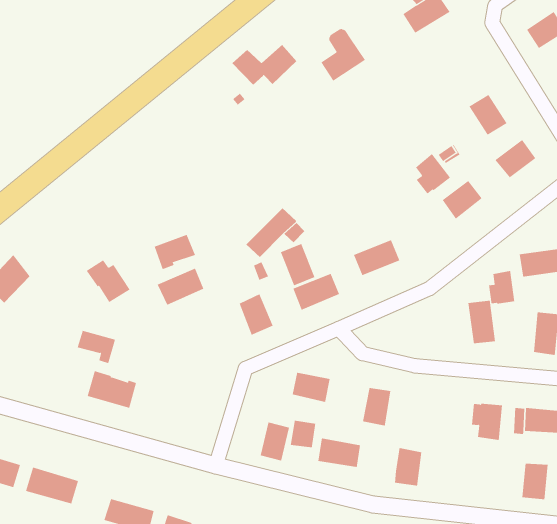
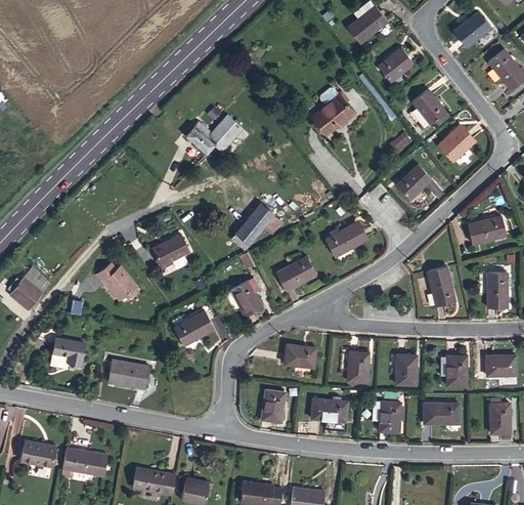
building: [320,29,366,82] -> [315,88,354,134]
building: none -> [379,48,414,82]
building: [232,44,297,85] -> [186,116,243,154]
building: [415,153,451,194] -> none
building: [280,243,315,286] -> none
building: [157,268,204,306] -> [174,310,215,345]
building: [488,270,515,304] -> none
building: [77,330,116,364] -> [53,338,86,365]
building: none -> [396,354,418,385]
building: [290,420,316,448] -> none
building: none -> [424,404,460,423]

